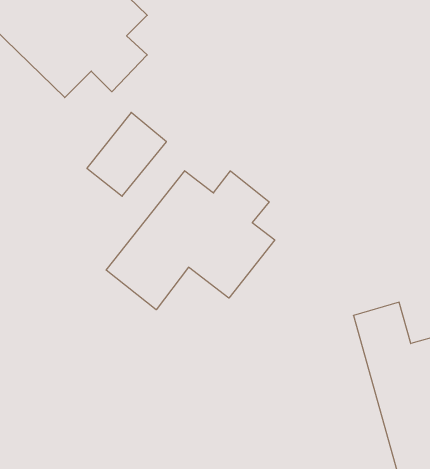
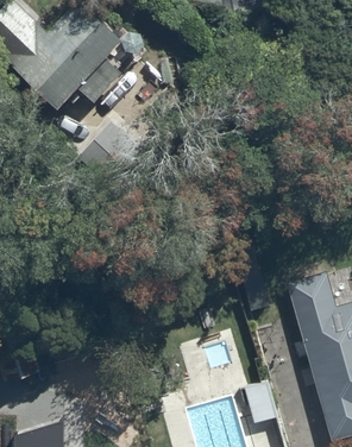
building: [106,171,275,310] -> none

